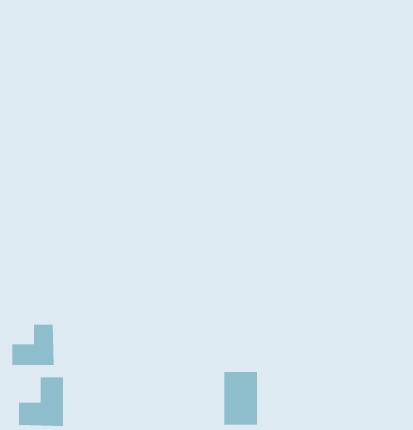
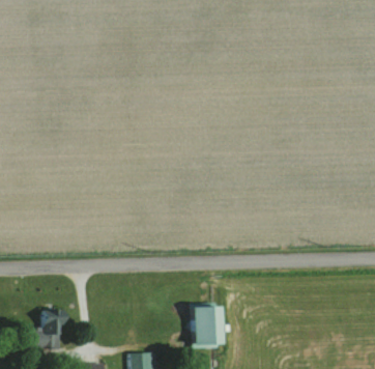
building: [12,324,54,366] -> none

